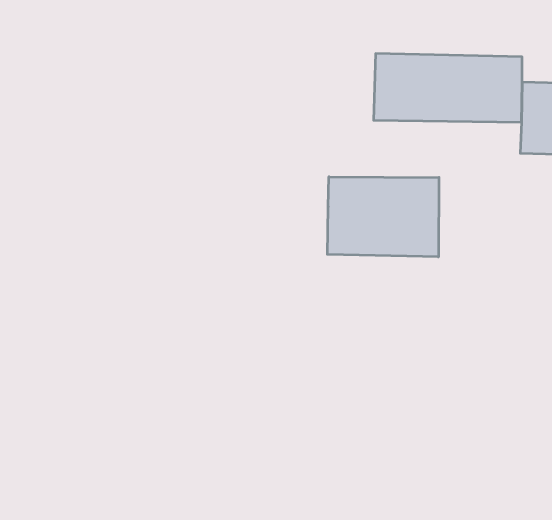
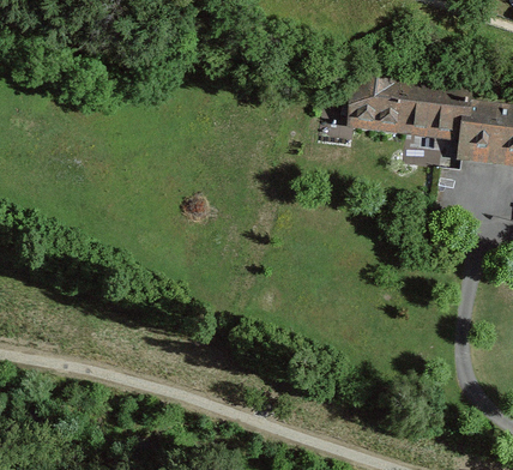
building: [327,177,439,257] -> none

